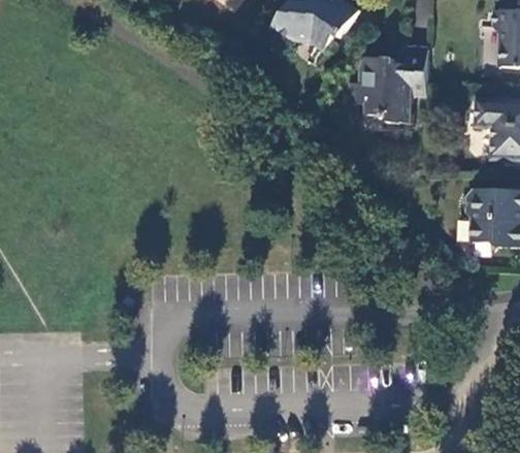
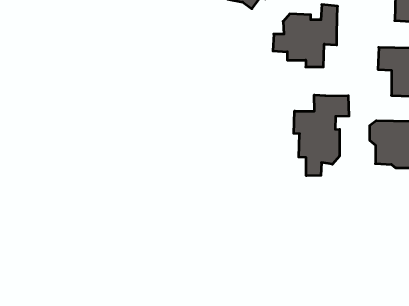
building: none -> [294,95,349,176]

